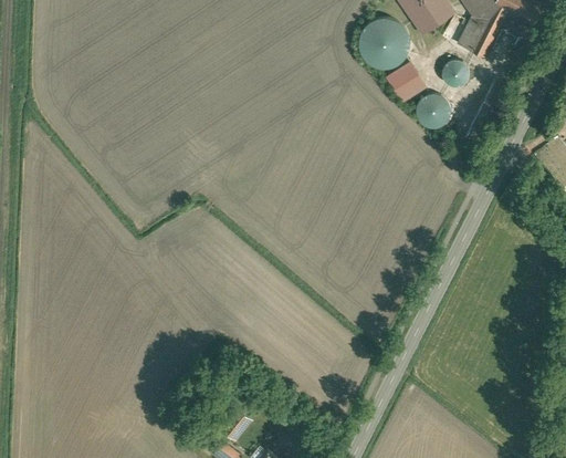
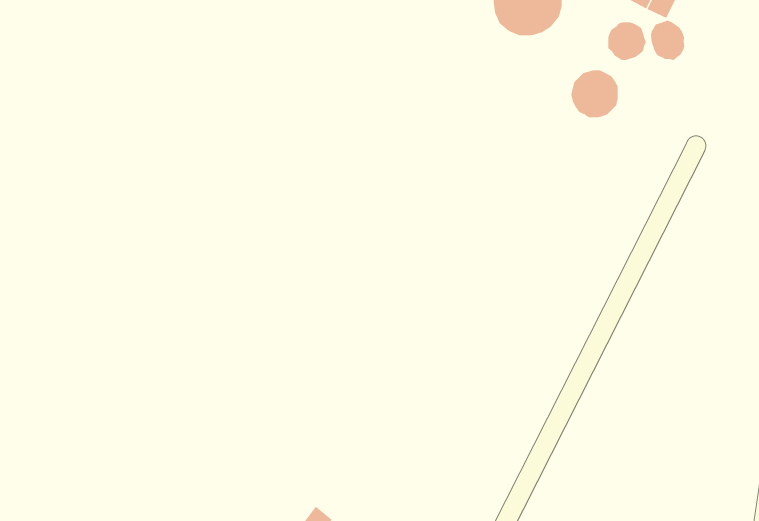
building: none -> [651,20,685,61]
building: [387,62,424,98] -> none

